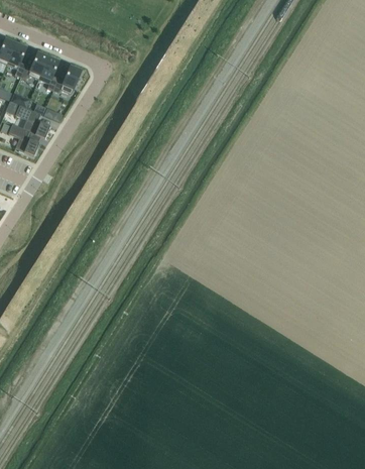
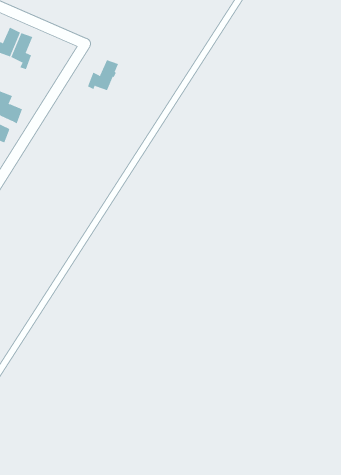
building: [53,65,82,93] -> [87,59,119,91]

